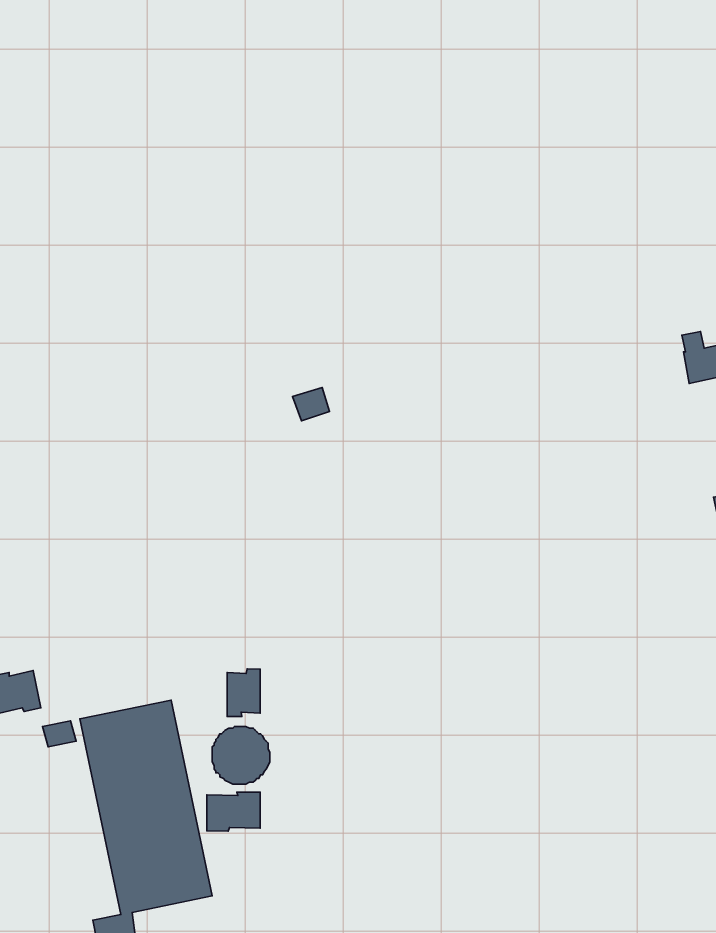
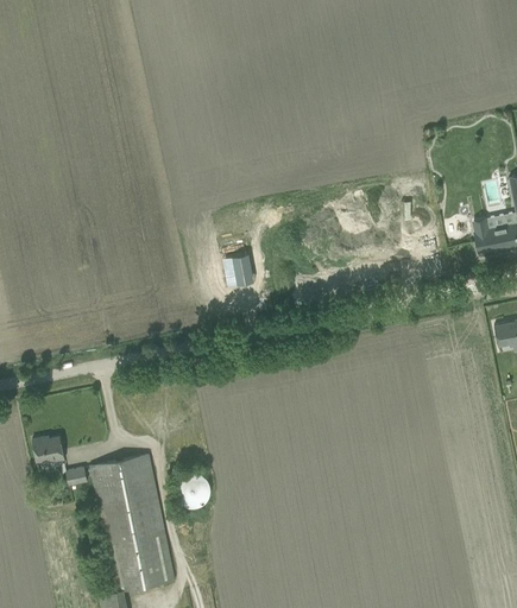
building: [227,669,260,716] -> none
building: [207,792,260,831] -> none

